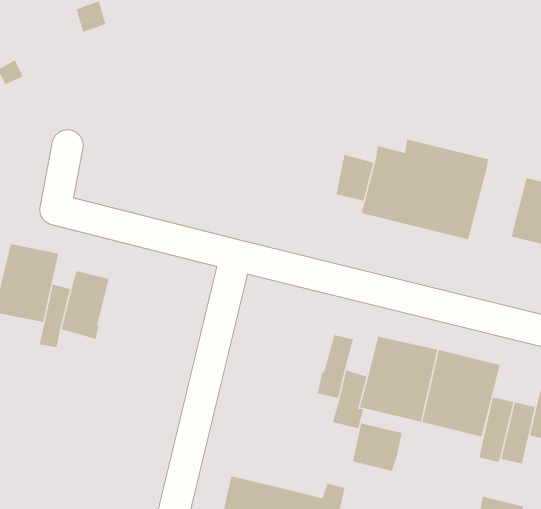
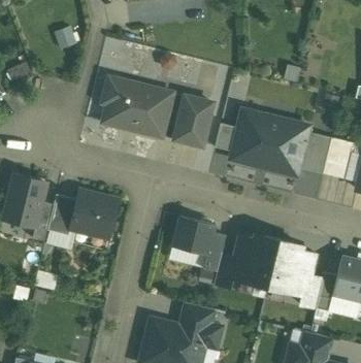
building: none -> [102,78,172,137]
building: none -> [173,96,212,146]
building: none -> [298,132,331,173]
building: none -> [69,192,118,237]
building: none -> [172,217,216,256]
building: [352,423,403,472] -> [182,303,212,333]

